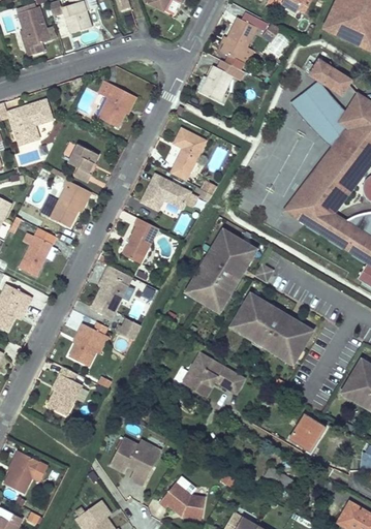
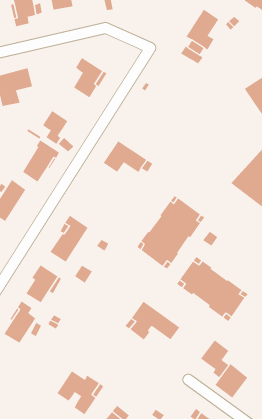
building: [198,66,230,101] -> none
building: [169,128,206,180] -> none
building: [121,216,158,263] -> none
building: none -> [200,340,229,378]

